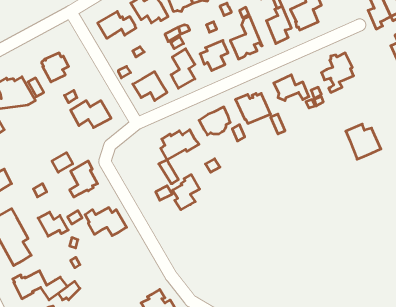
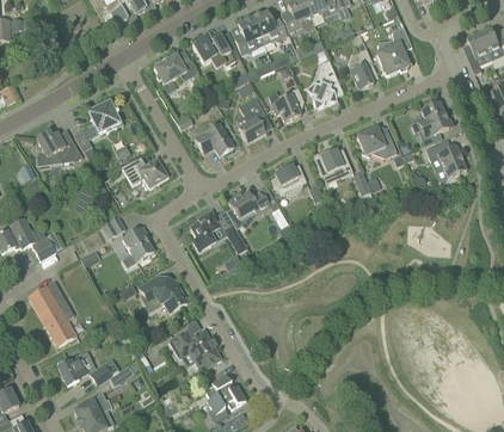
building: [346,124,381,159] -> [426,140,467,180]
building: [173,175,200,210] -> [190,209,221,249]
building: [38,212,68,236] -> none
building: none -> [170,328,221,369]

